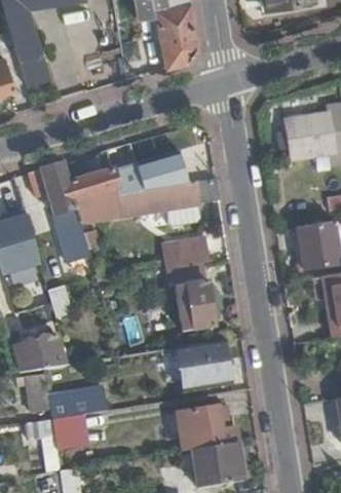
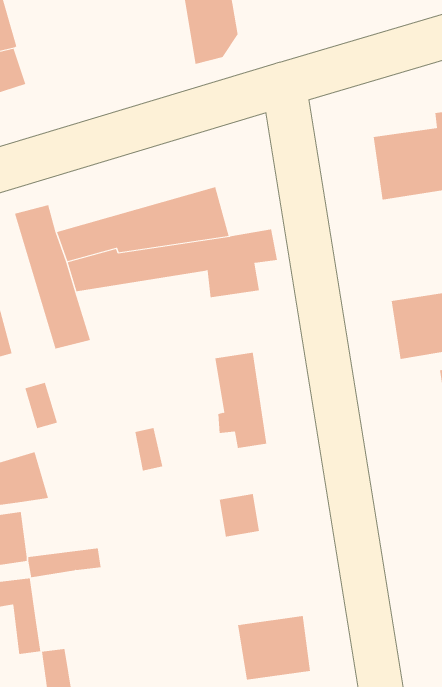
building: [163,239,207,269] -> none
building: [178,343,232,386] -> none
building: [178,409,237,450] -> none
building: [51,413,86,447] -> none

